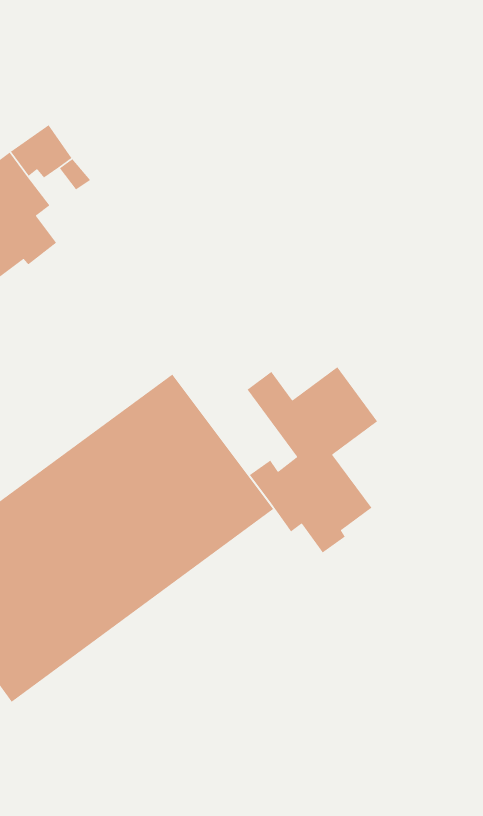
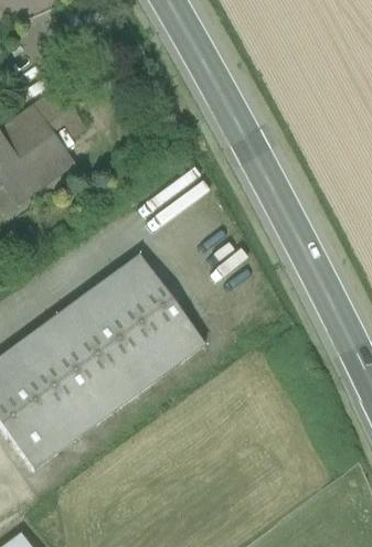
building: [246,366,378,553] -> none

